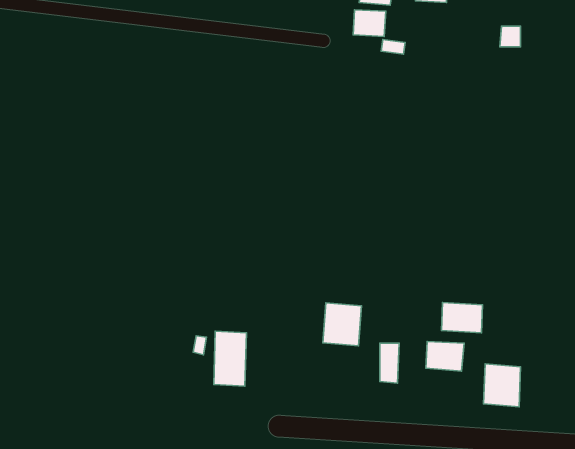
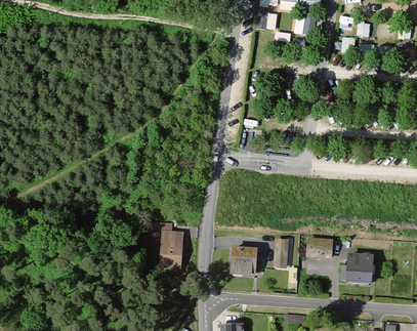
building: [441,303,483,333] -> none
building: [323,303,361,346] -> [231,246,257,276]

